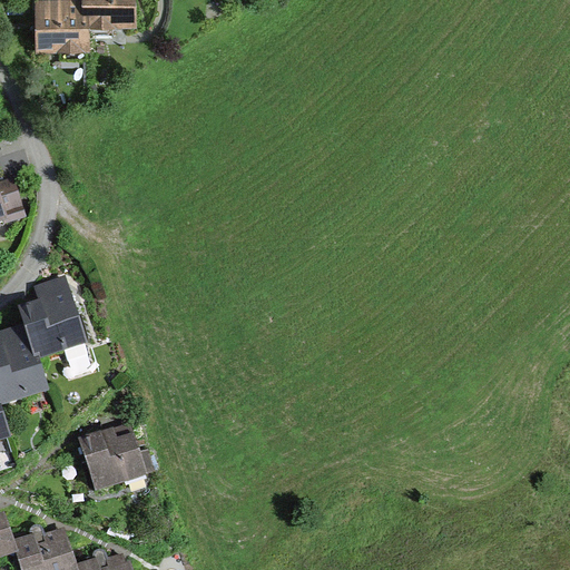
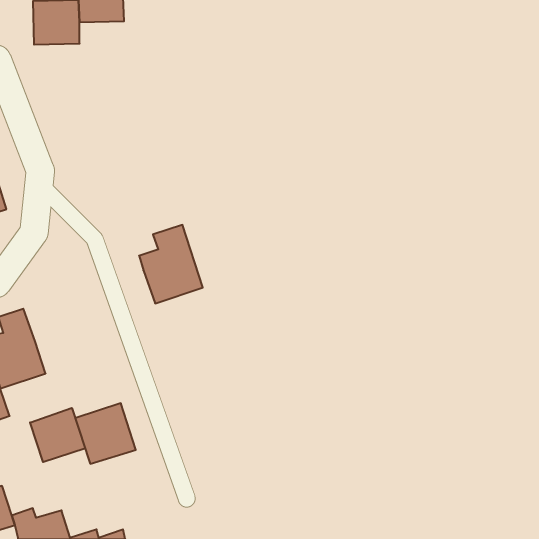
building: [20,276,87,358] -> [139,225,203,303]
building: none -> [30,408,85,462]

